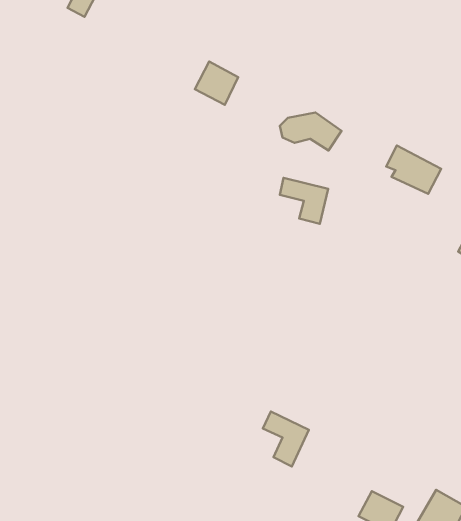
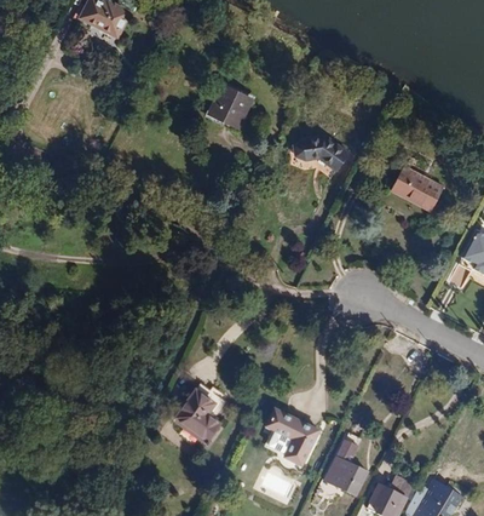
building: [280,178,328,224] -> none
building: none -> [175,378,226,436]
building: none -> [325,429,367,493]

